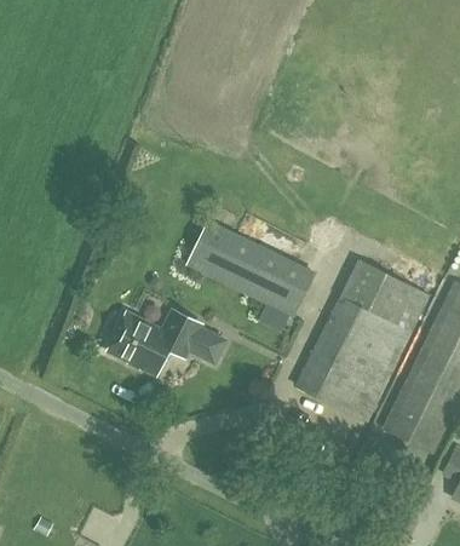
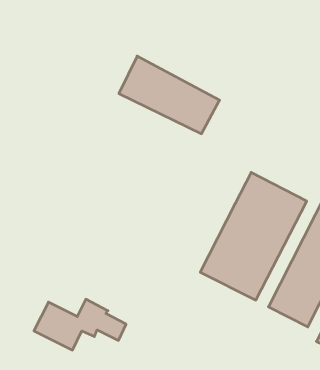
building: [186,218,314,316] -> [119,56,220,134]
building: [107,310,223,374] -> [34,299,126,350]

